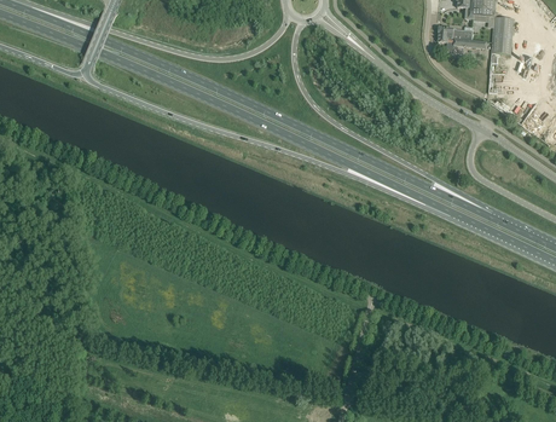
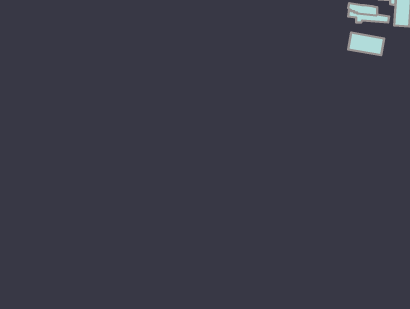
building: none -> [348,33,384,55]

